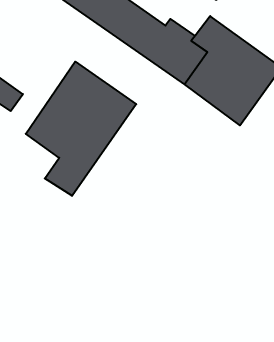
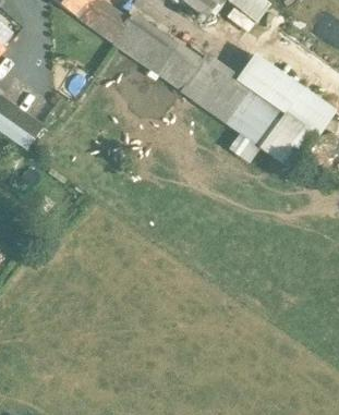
building: [26,62,136,196] -> none

